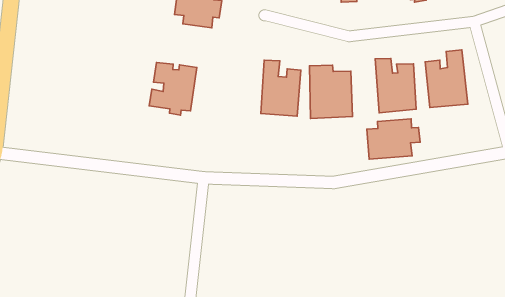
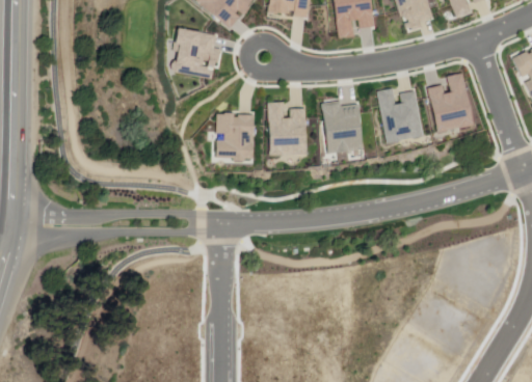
building: [149,62,197,115] -> [209,112,252,162]
building: [367,119,420,159] -> none

